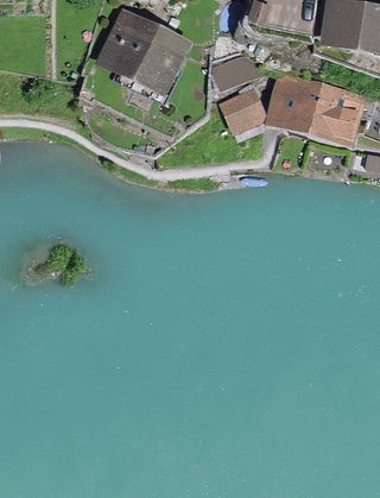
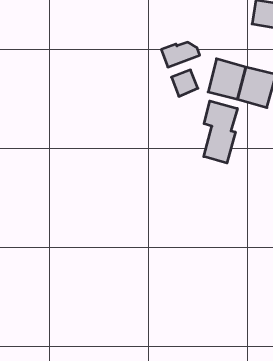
building: [101,15,182,90] -> none
building: none -> [204,101,237,163]

